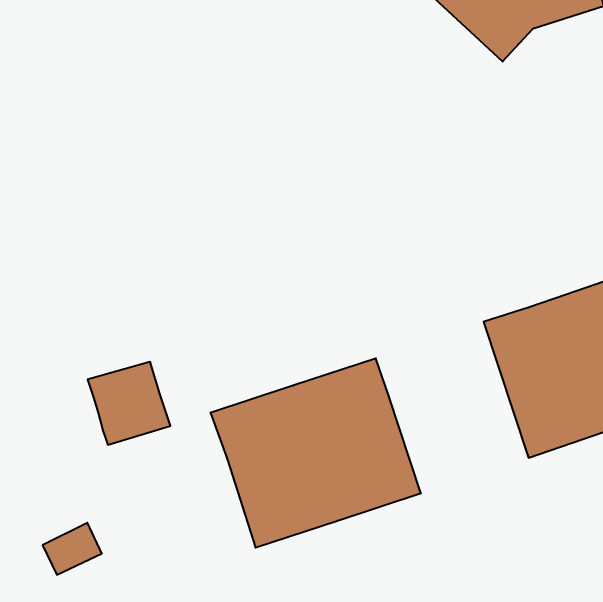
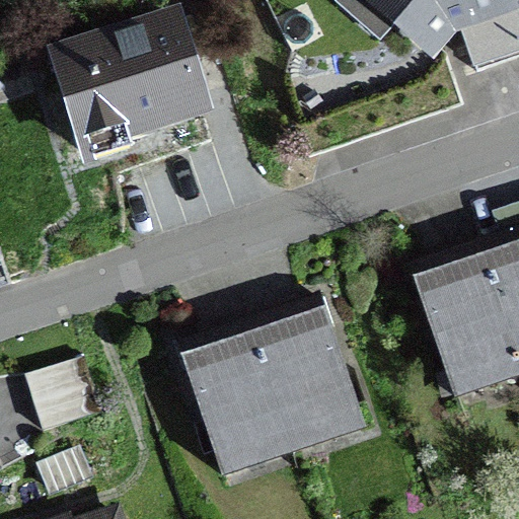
building: none -> [47,6,209,158]
building: [88,362,170,445] -> [25,360,96,431]

